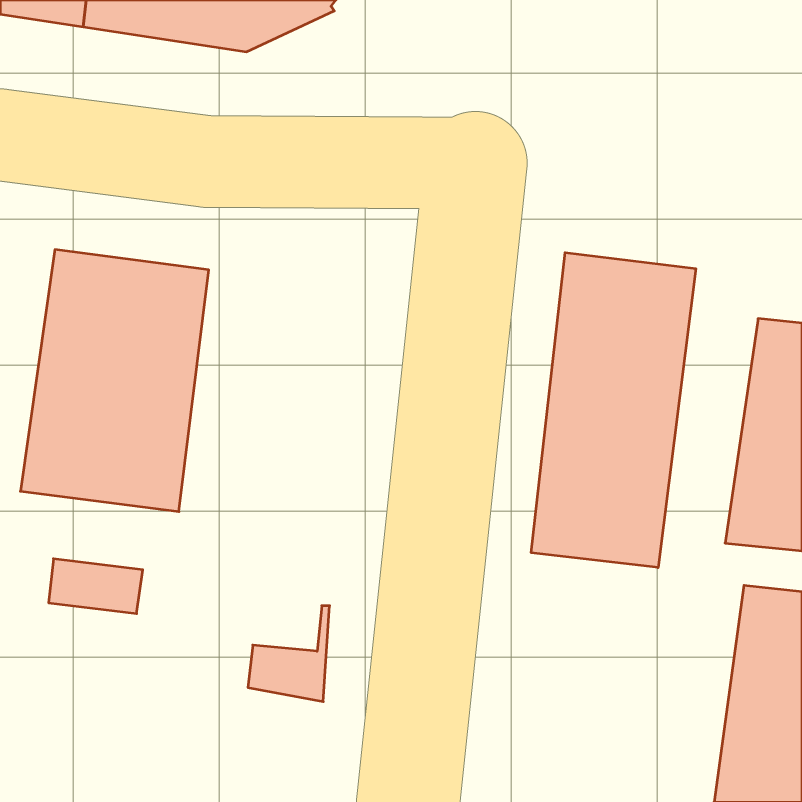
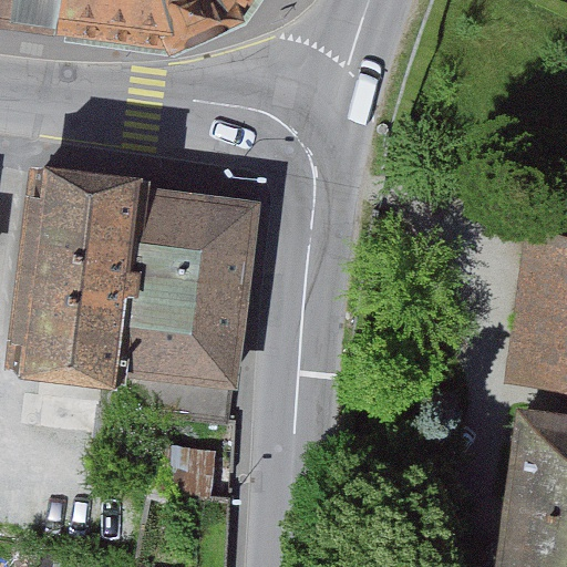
building: [531,253,696,568] -> none
building: none -> [121,190,252,421]

